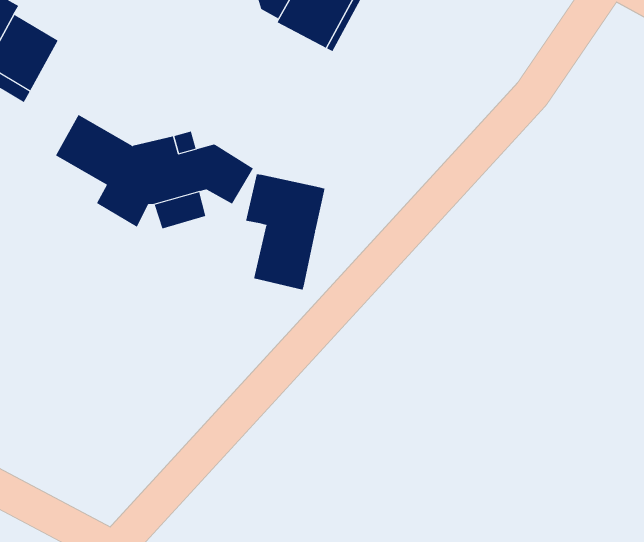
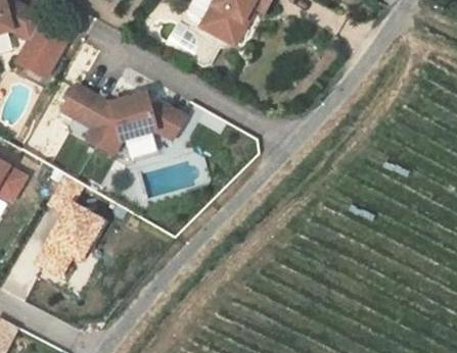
building: [246,173,325,290] -> none
building: none -> [36,173,102,278]

